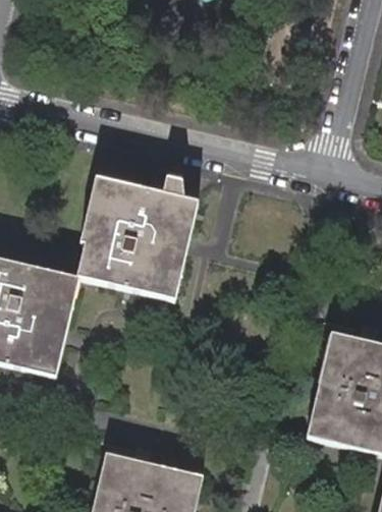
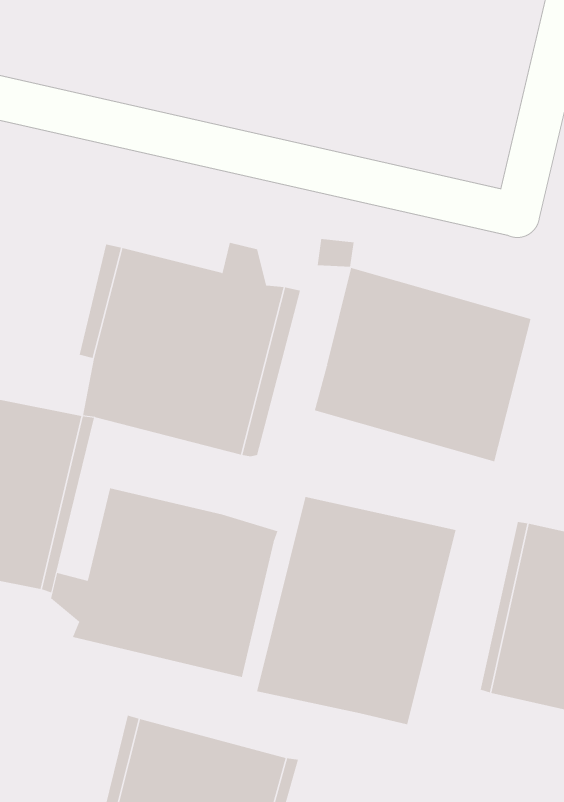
building: none -> [314,267,531,462]
building: none -> [51,488,278,678]
building: none -> [257,496,456,725]

